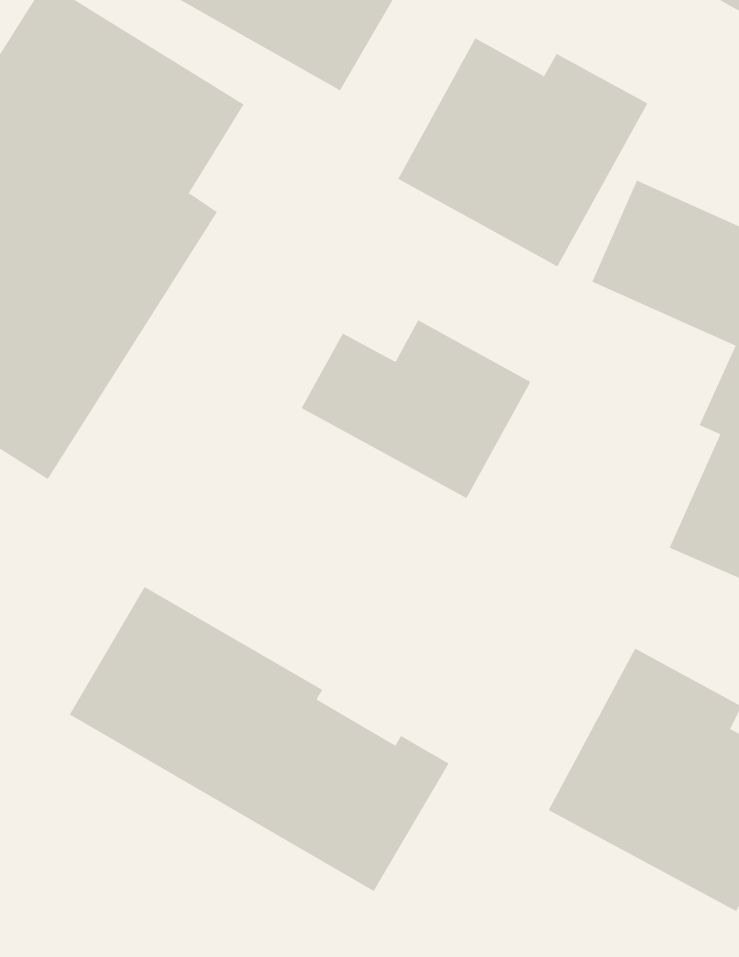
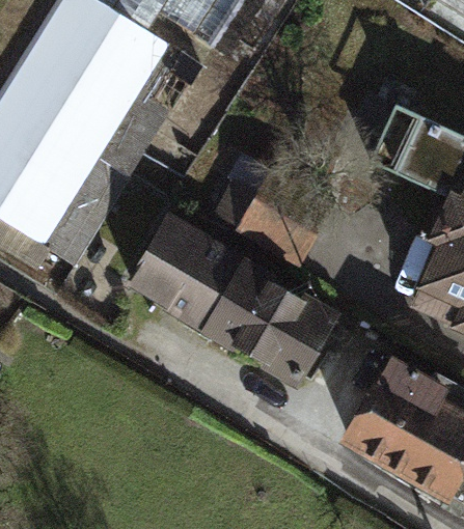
building: [398,38,648,267] -> none
building: [69,586,450,892] -> [126,213,335,381]

